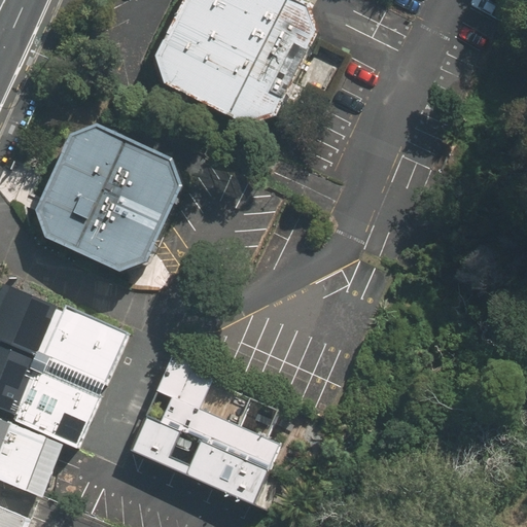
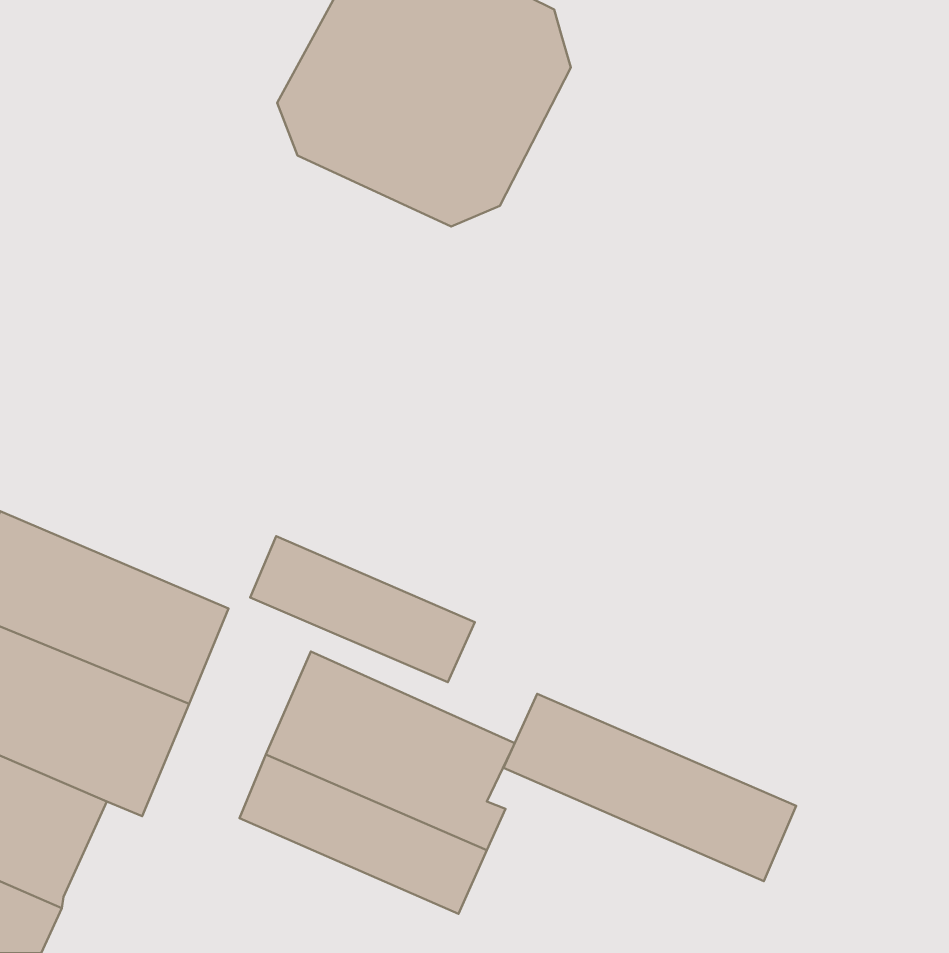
building: [33,129,182,273] -> none
building: none -> [250,536,475,682]
building: none -> [504,694,796,881]

